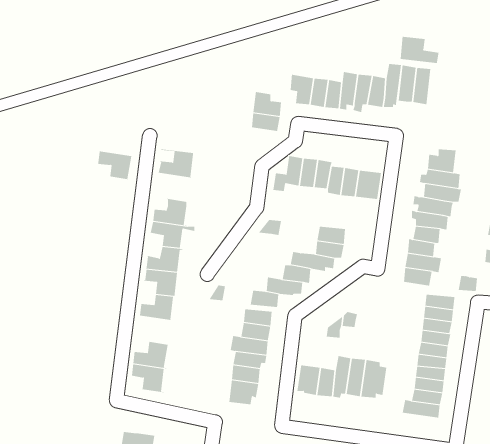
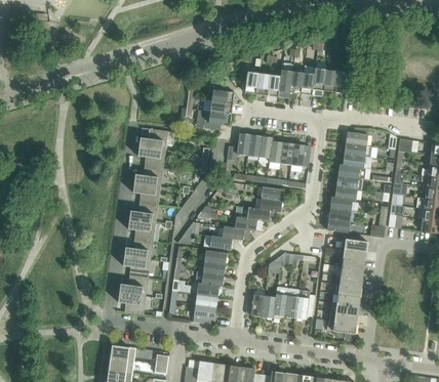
building: [397,36,439,64] -> none
building: none -> [203,110,231,130]
building: [97,151,133,180] -> [137,145,165,168]
building: none -> [122,255,151,278]

